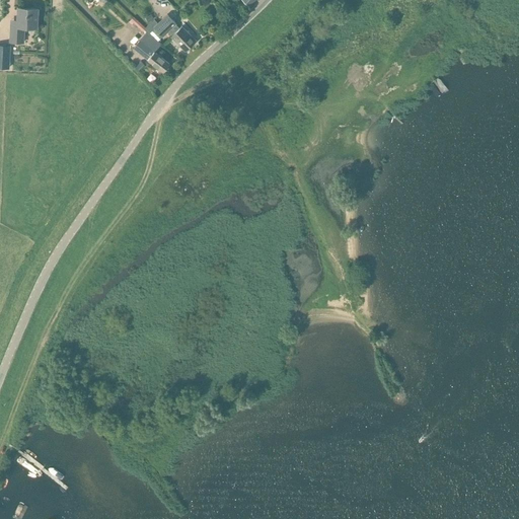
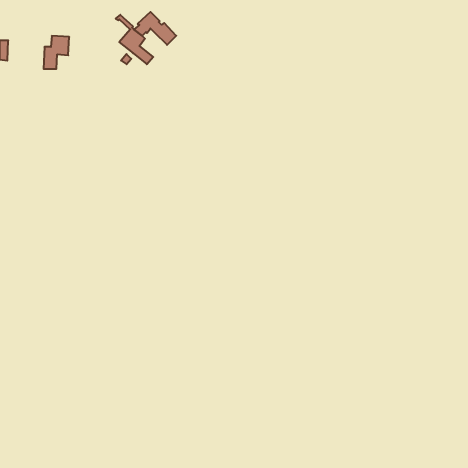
building: [8,6,36,43] -> [44,36,69,69]

